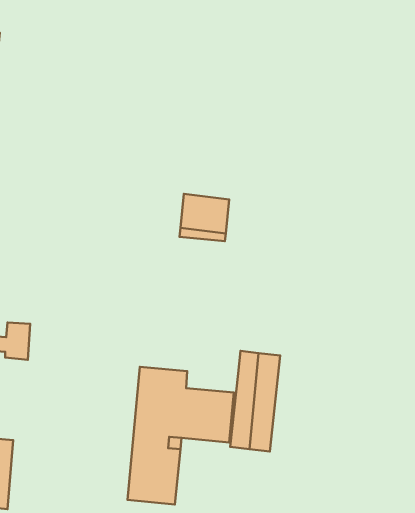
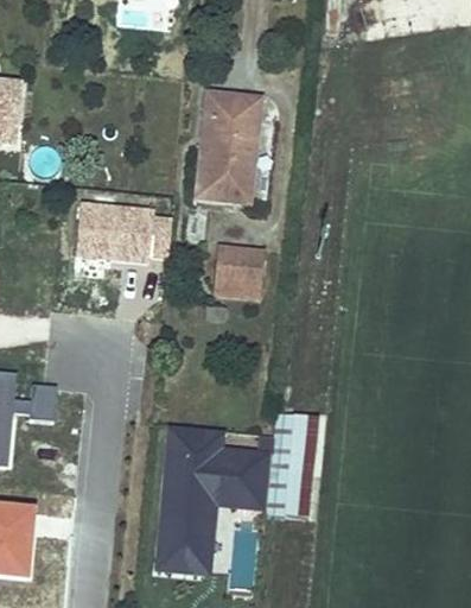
building: none -> [195,94,259,203]
building: none -> [75,203,167,261]

